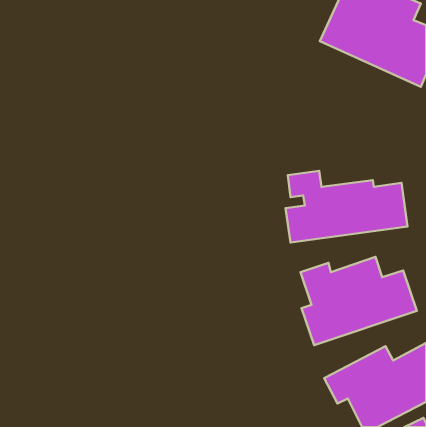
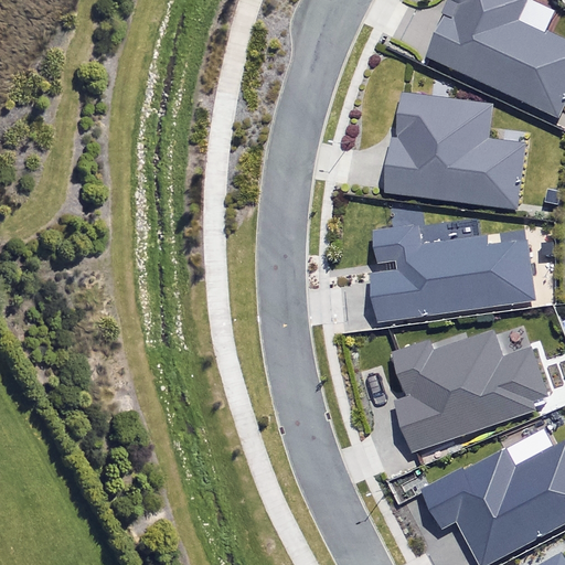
building: none -> [390,92,525,207]

